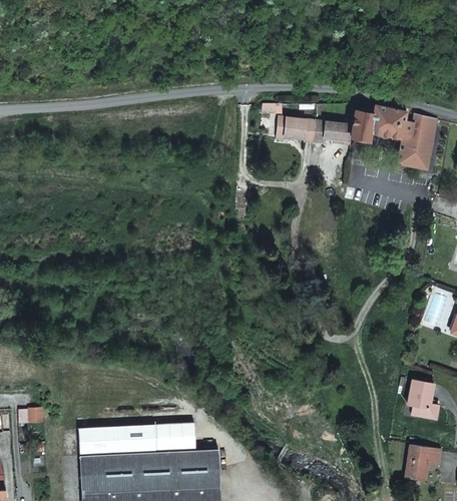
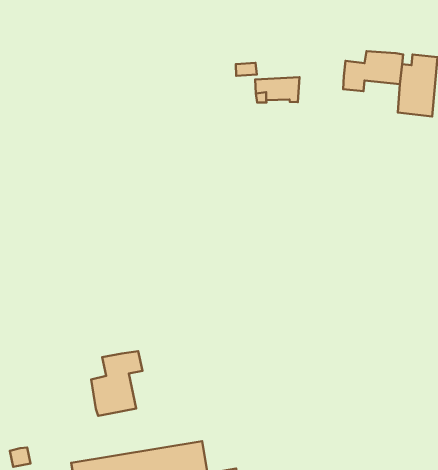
building: [312,121,354,144] -> none
building: none -> [91,351,142,416]

